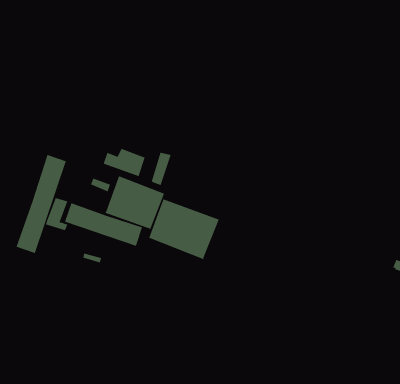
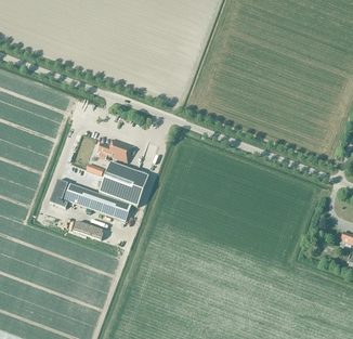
building: [16,154,67,254] -> none
building: [149,198,220,260] -> none

